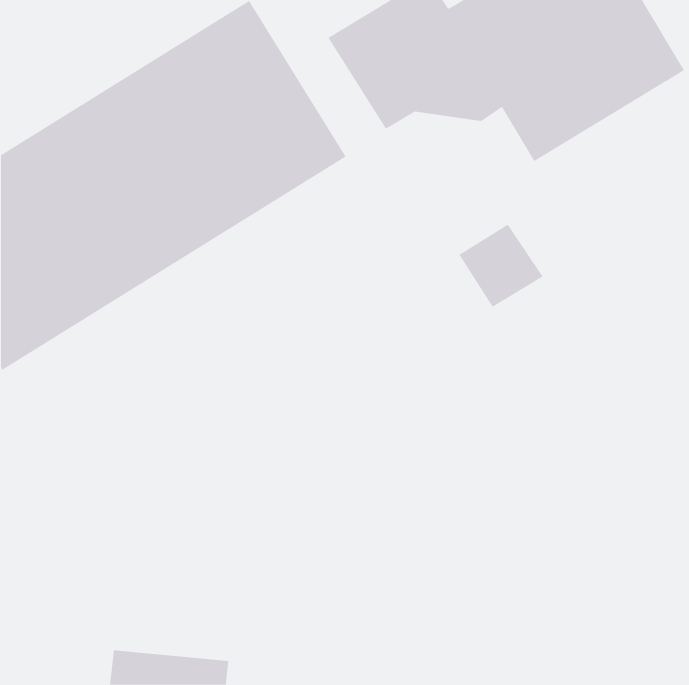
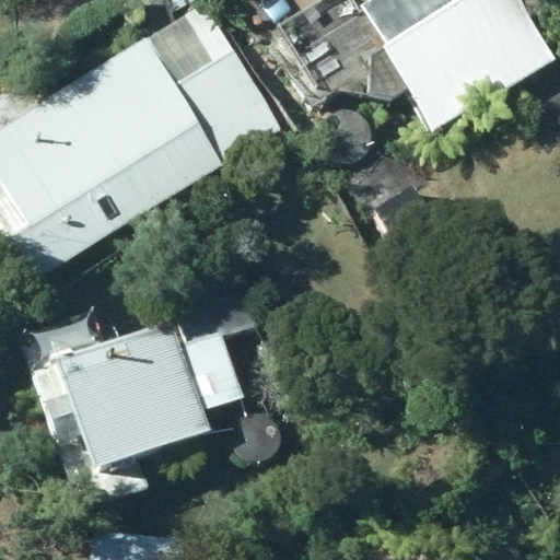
building: none -> [31,270,262,469]

